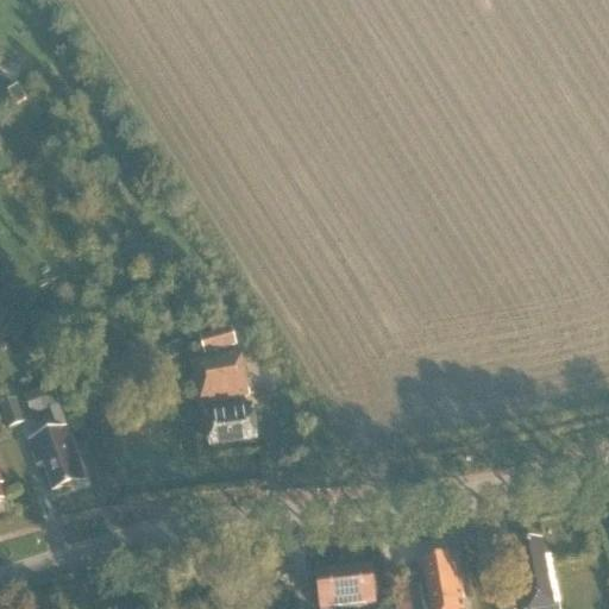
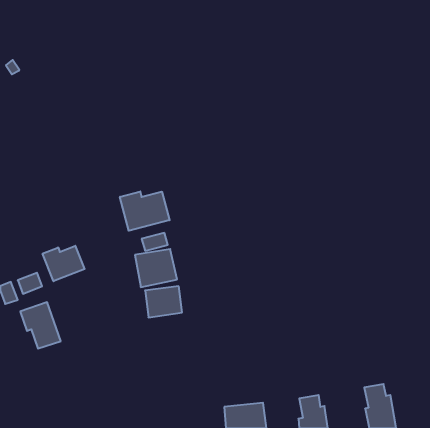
building: none -> [120,191,170,231]
building: none -> [43,246,85,281]

